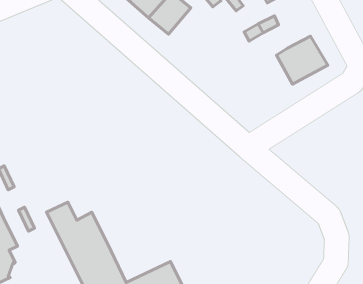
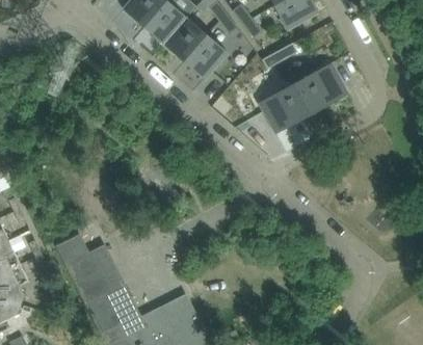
building: none -> [183,33,227,78]
building: none -> [258,82,311,132]

